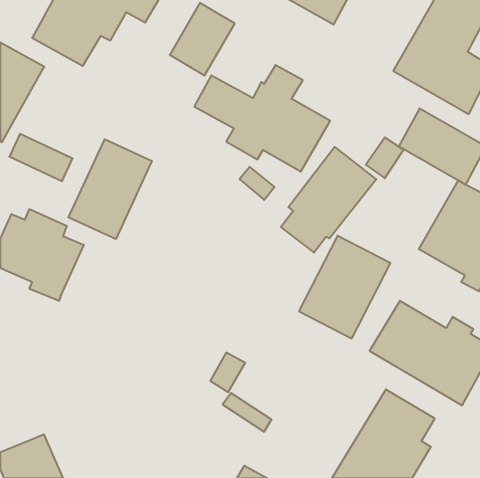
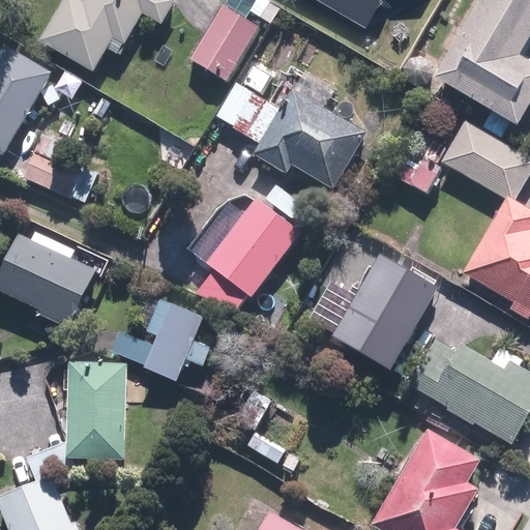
building: [68,139,152,239] -> none
building: [281,147,376,253] -> [196,200,300,316]
building: none -> [110,298,211,382]
building: none -> [66,360,126,459]

